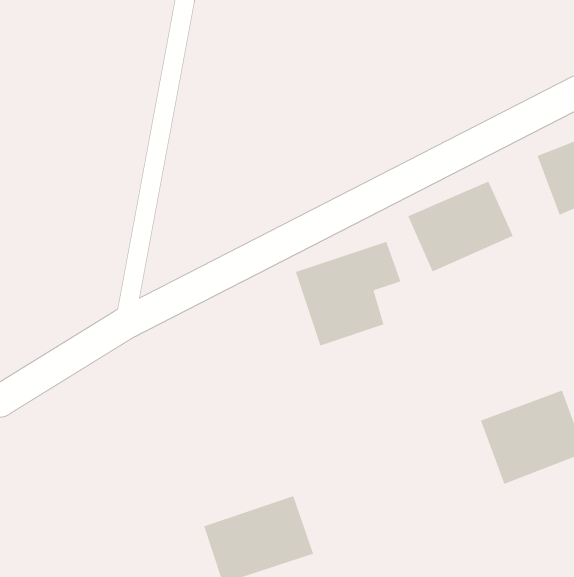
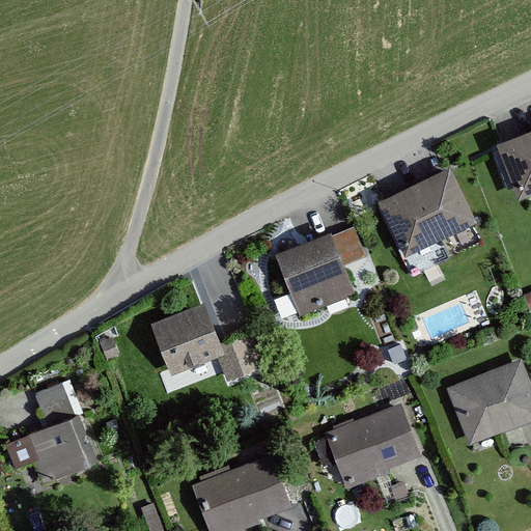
building: none -> [153,305,266,386]
building: none -> [17,384,101,486]
building: none -> [322,401,422,485]

